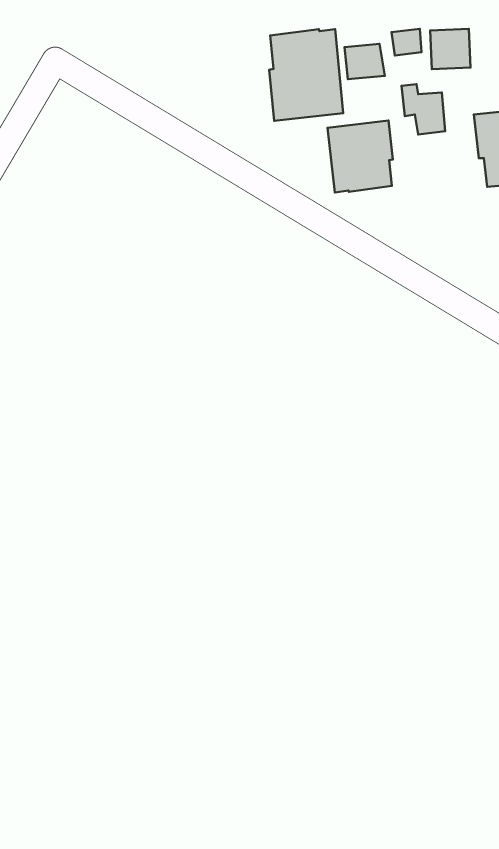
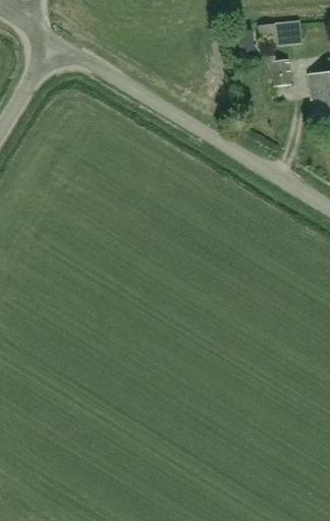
building: [269,29,343,121] -> none
building: [328,120,393,192] -> none

